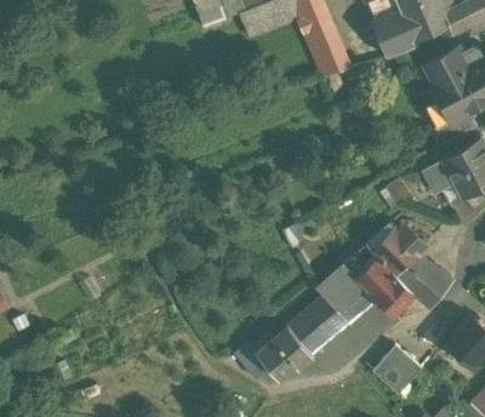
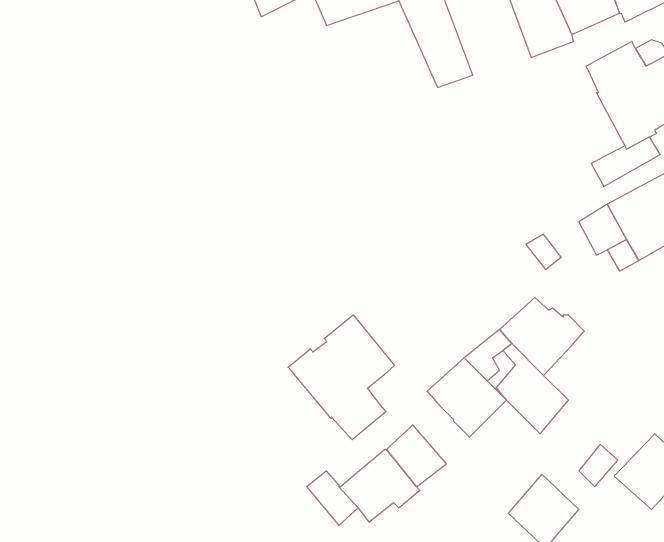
building: none -> [288,315,394,440]
building: [398,255,452,308] -> none
building: [308,296,348,336] -> none

